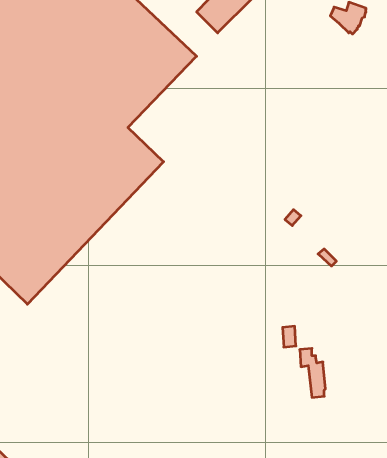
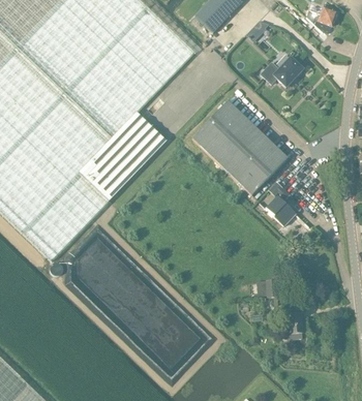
building: none -> [260,56,302,86]
building: none -> [191,99,286,193]
building: none -> [264,194,295,224]

